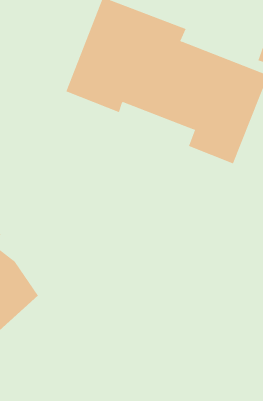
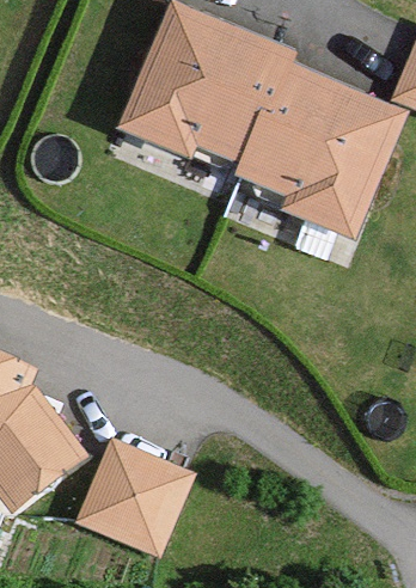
building: none -> [75,446,183,555]

